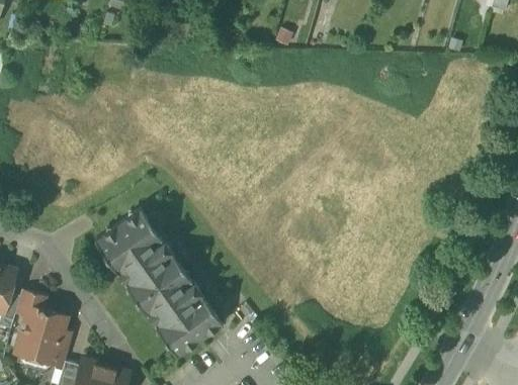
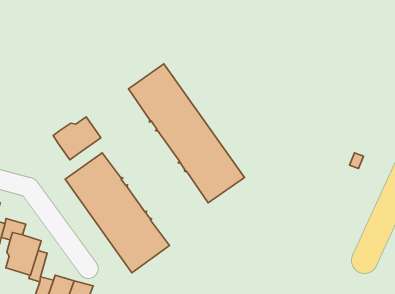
building: none -> [129,64,245,203]
building: none -> [53,117,101,160]

